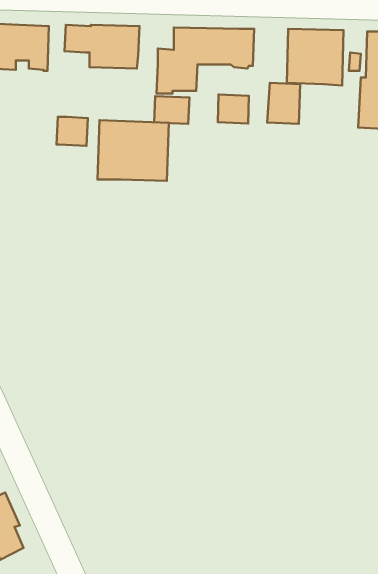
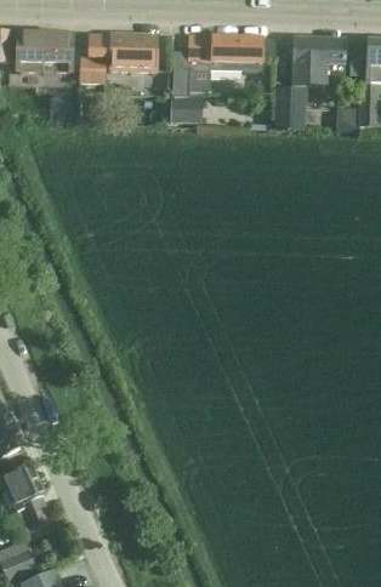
building: [218,94,249,123] -> none
building: [56,117,88,146] -> [76,56,106,82]
building: [97,120,169,181] -> none

